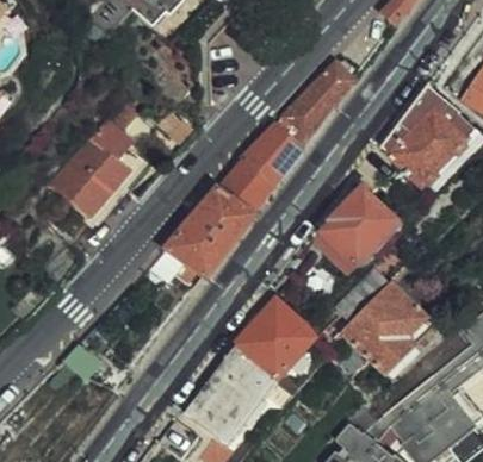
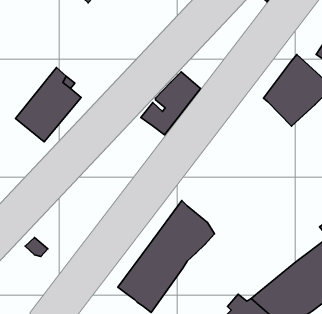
building: [277,61,353,144] -> none
building: [161,183,253,285] -> none
building: [322,183,410,277] -> none
building: [349,285,442,379] -> none

